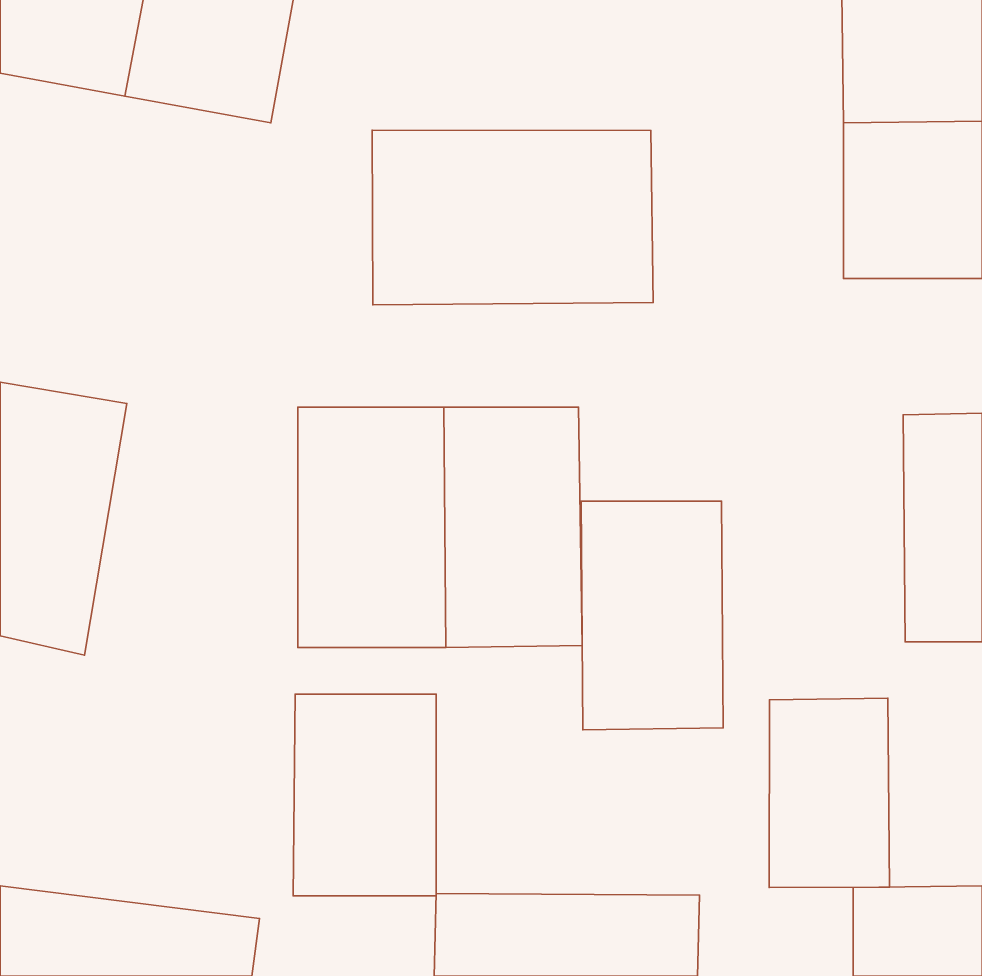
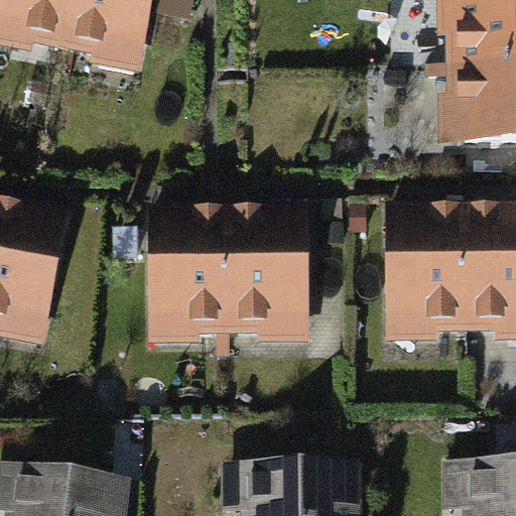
building: [372,130,653,305] -> none
building: [581,501,723,730] -> [400,218,475,338]
building: [293,694,436,896] -> none
building: [769,698,890,887] -> none

